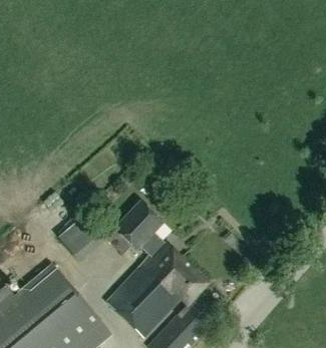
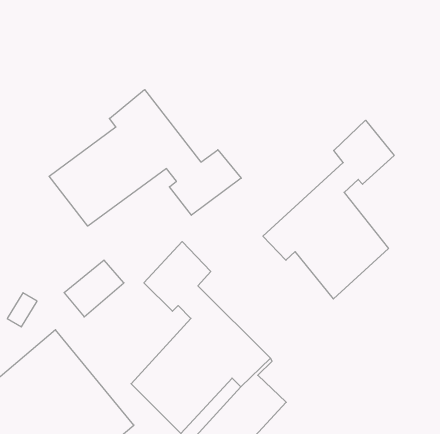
building: none -> [49,90,241,226]
building: none -> [263,120,394,299]

